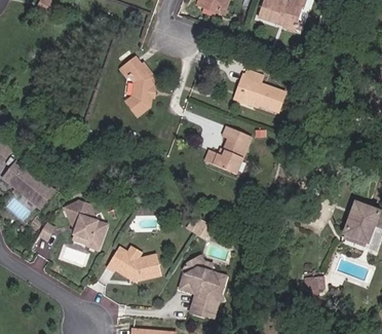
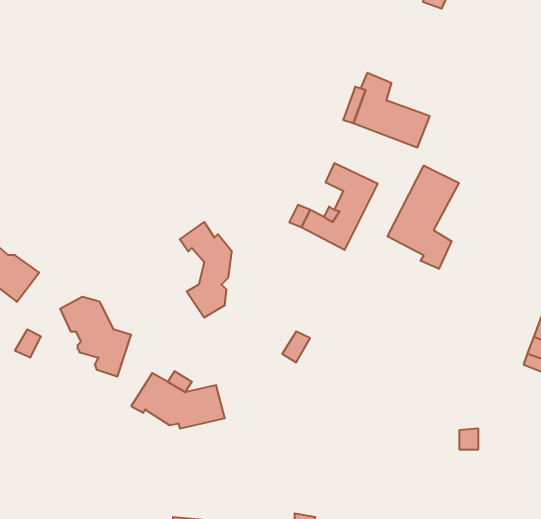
building: [122,57,153,113] -> [180,222,232,317]
building: none -> [388,165,459,269]
building: [176,263,221,321] -> none

